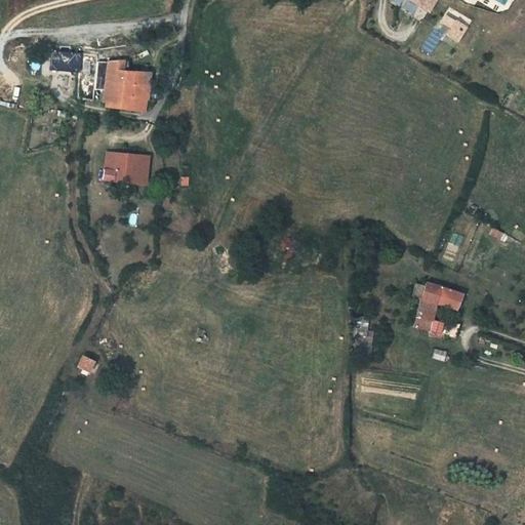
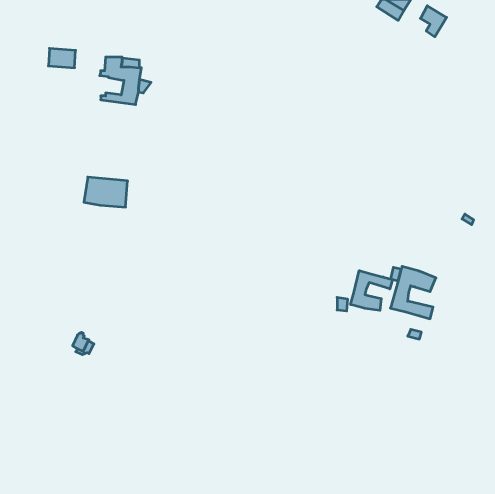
building: [104,80,131,102] -> none
building: [103,152,149,184] -> [84,177,128,207]
building: none -> [351,271,392,310]

